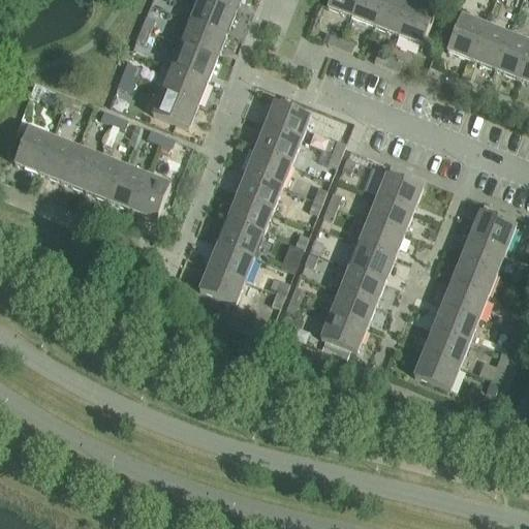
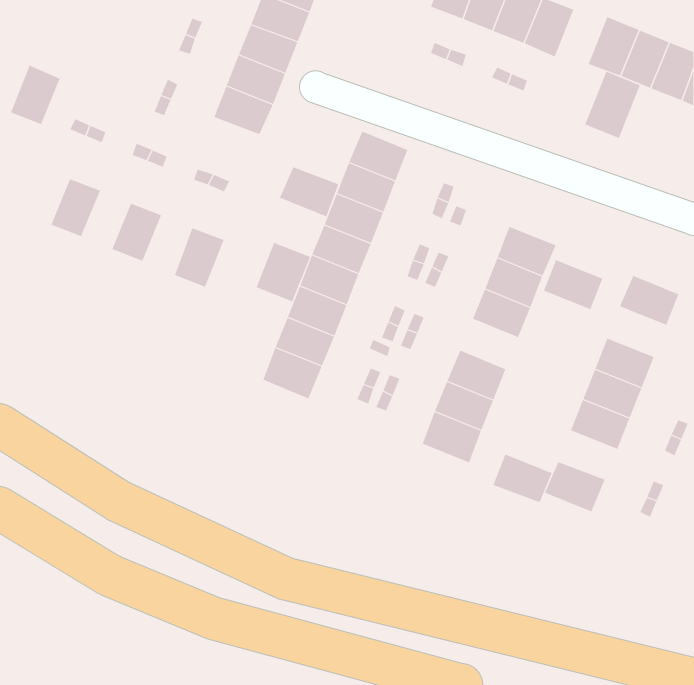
building: none -> [585,71,641,139]
building: [152,89,197,127] -> [279,167,339,217]
building: [14,125,53,170] -> [10,65,61,125]
building: [62,145,99,189] -> none
building: [108,163,146,209] -> none
building: none -> [256,242,311,302]
building: [461,232,506,271] -> [543,259,603,310]
building: [349,242,394,280] -> none
building: [424,326,469,364] -> [493,454,552,503]

